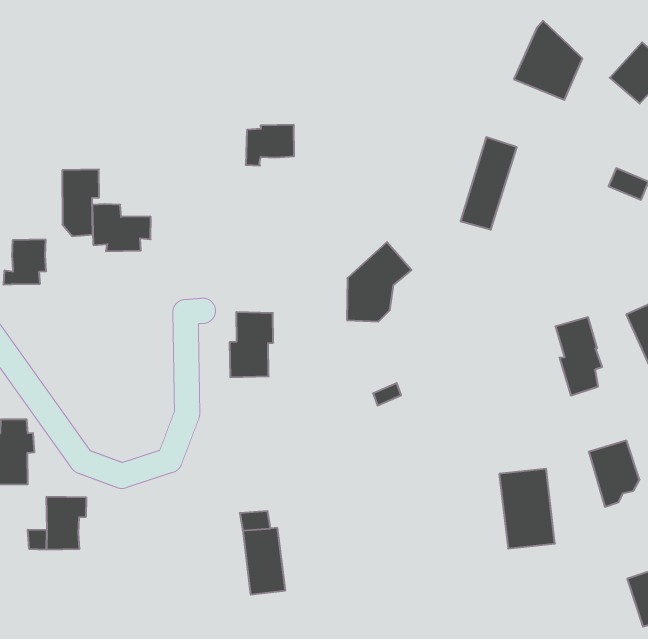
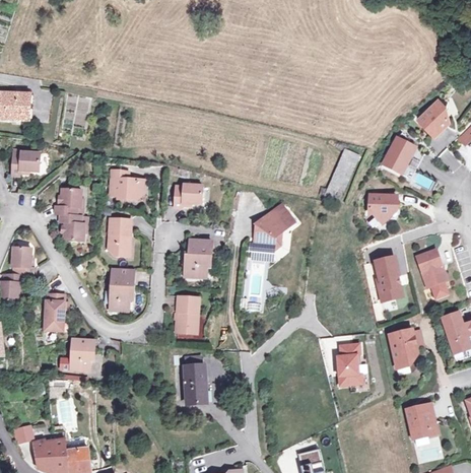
building: [514,21,582,100] -> [382,131,422,178]
building: [246,125,294,166] -> [173,184,202,207]
building: [62,169,99,236] -> [108,217,131,256]
building: none -> [368,193,396,219]
building: none -> [60,213,84,242]
building: none -> [108,269,133,310]
building: none -> [176,295,201,333]

